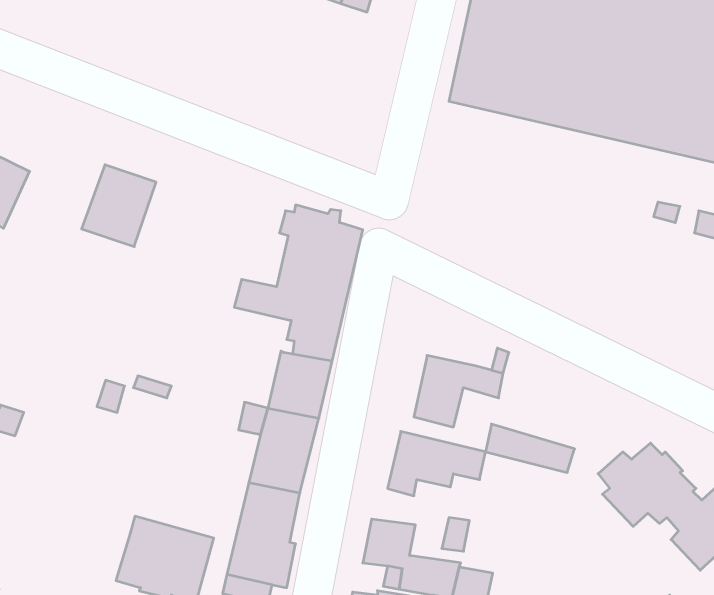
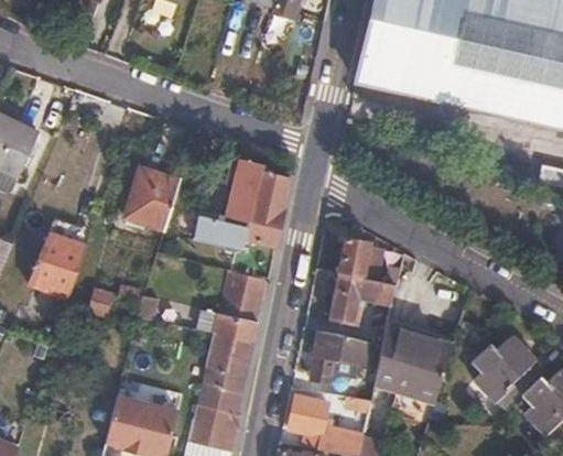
building: [82,165,156,247] -> [124,169,181,230]
building: none -> [29,232,86,295]
building: none -> [339,242,381,281]
building: none -> [376,346,445,412]

